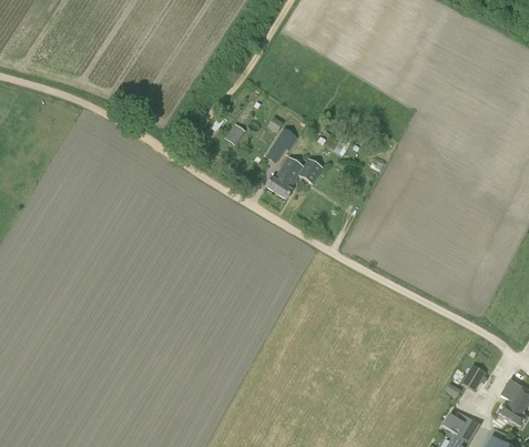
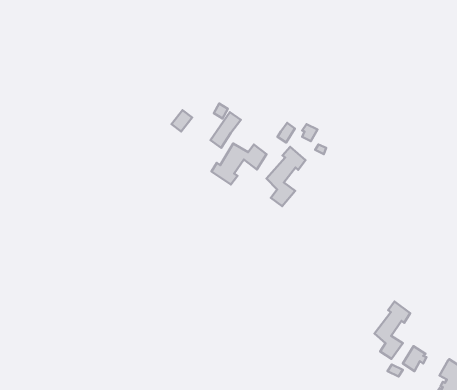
building: none -> [267,147,305,206]
building: none -> [375,301,410,359]

